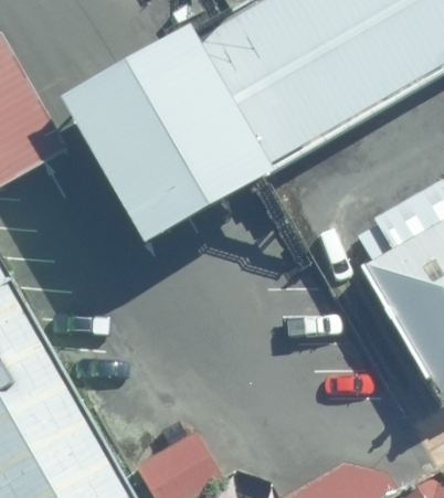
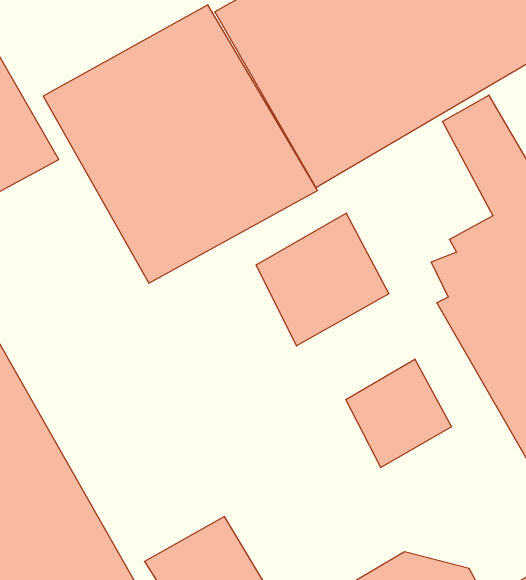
building: none -> [256,213,389,346]
building: none -> [346,359,452,468]

